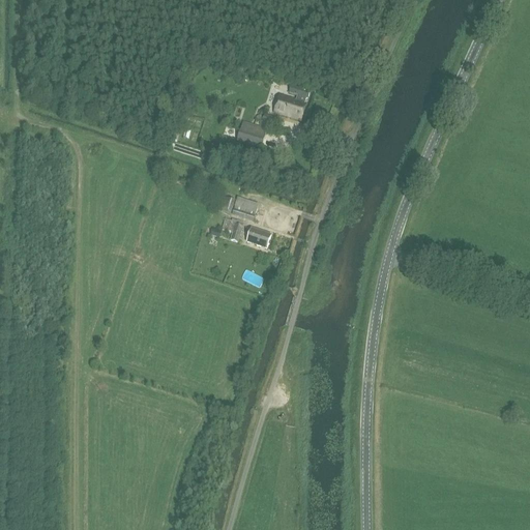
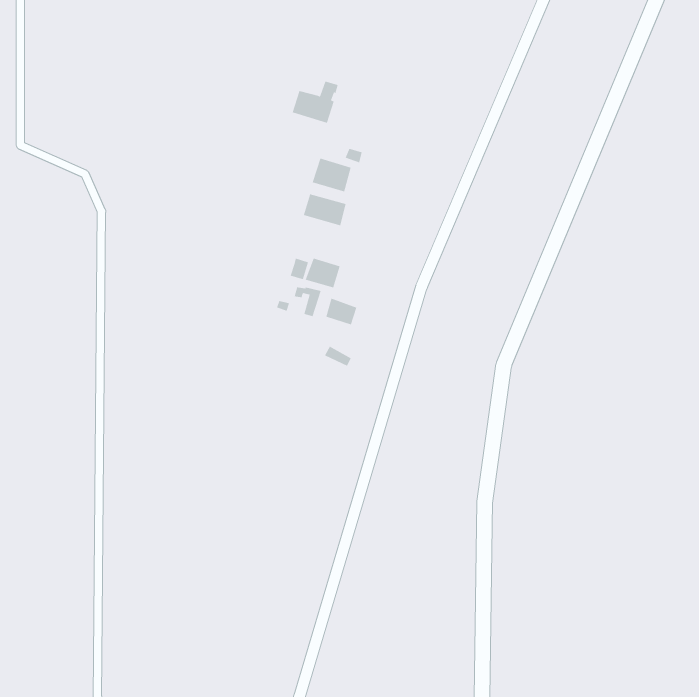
building: [272,86,307,118] -> [292,81,339,123]
building: none -> [303,193,346,226]

